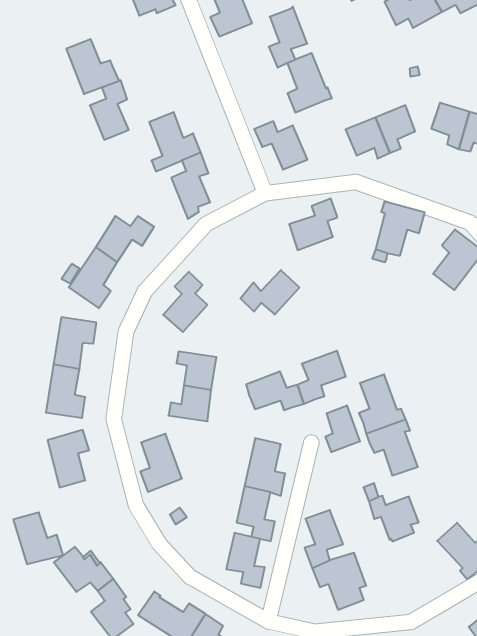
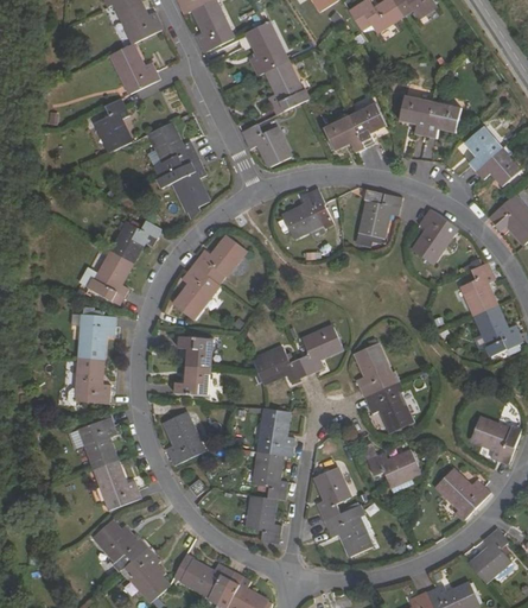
building: [66,39,119,94] -> [108,43,158,93]
building: [240,270,299,315] -> [193,236,246,277]
building: [326,405,360,452] -> none
building: [13,512,63,564] -> [93,460,140,507]

